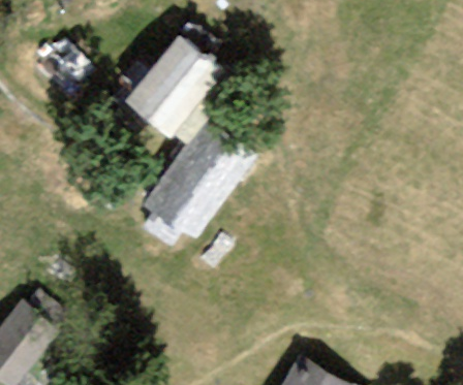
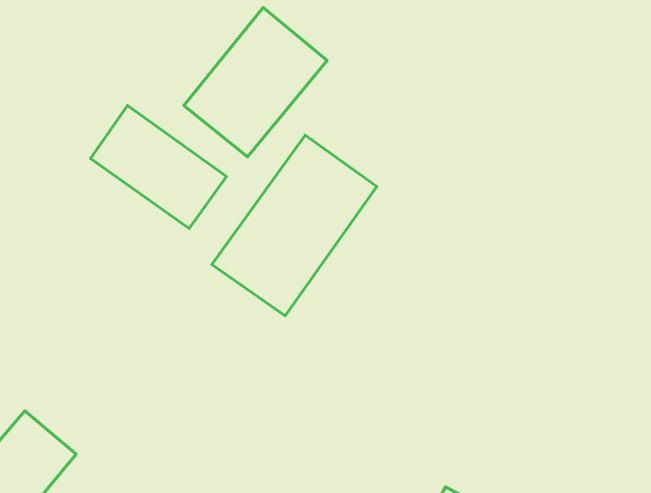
building: none -> [90,105,227,228]

